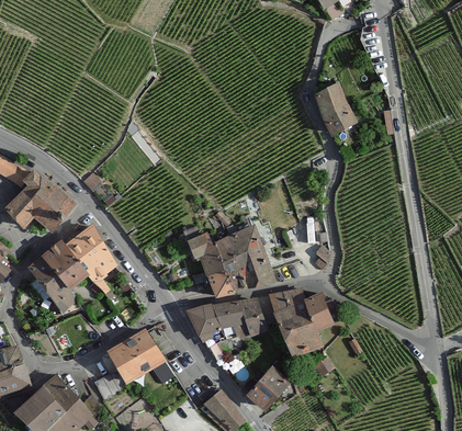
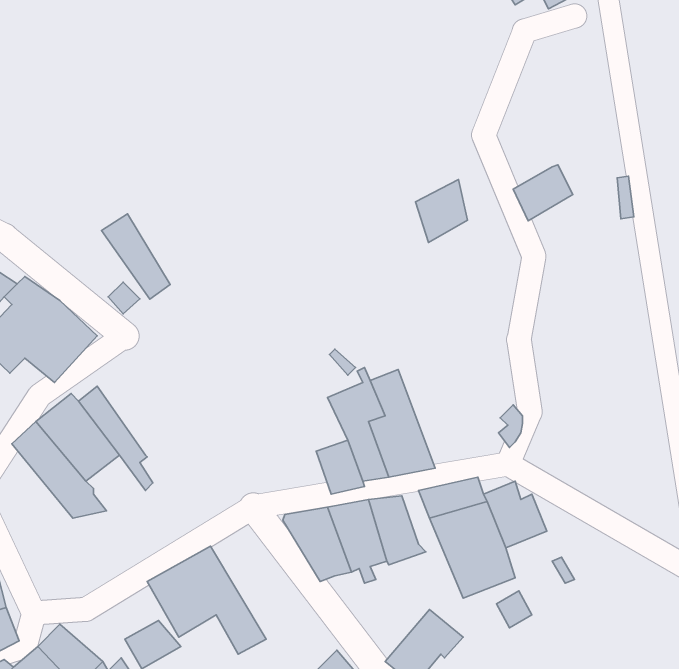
building: [314,80,345,117] -> [416,179,468,243]
building: [76,224,116,274] -> [102,214,170,299]
building: [181,225,224,272] -> none

